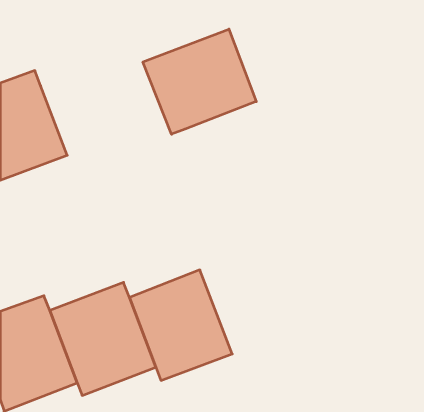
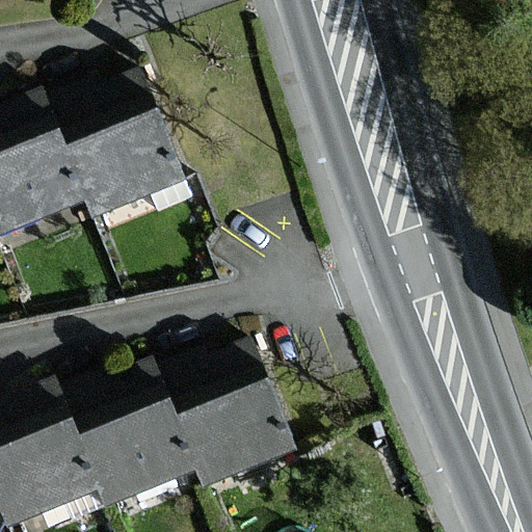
building: [143,29,256,134] -> none
building: none -> [51,88,180,227]

